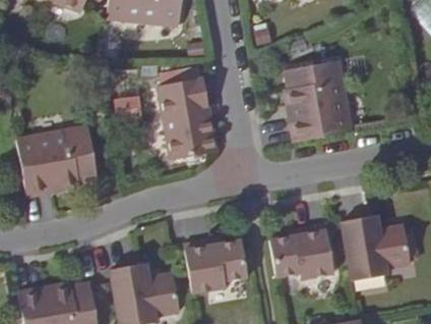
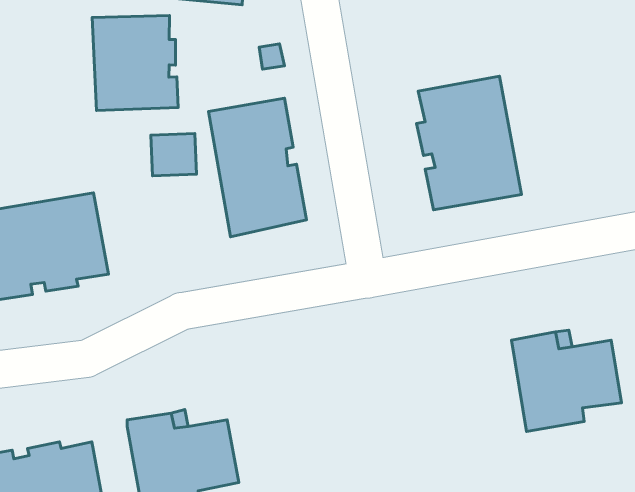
building: none -> [92,15,178,111]
building: [268,224,333,278] -> none
building: [183,239,247,293] -> none

